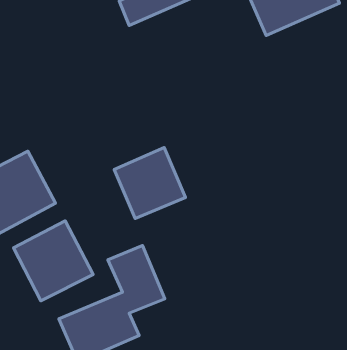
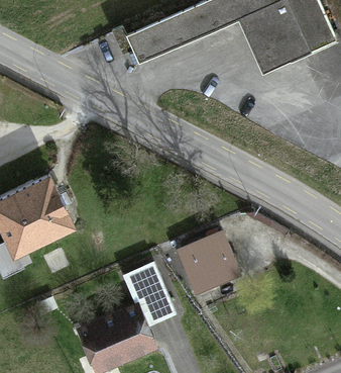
building: [114,147,185,219] -> [177,229,241,294]
building: [14,221,93,301] -> none

